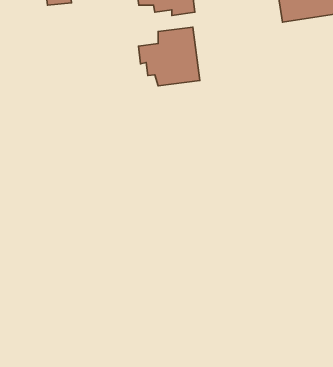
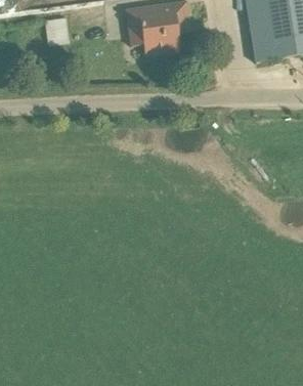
building: [139,27,200,86] -> none

